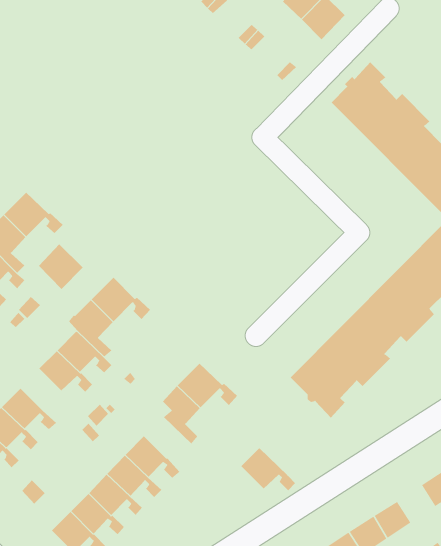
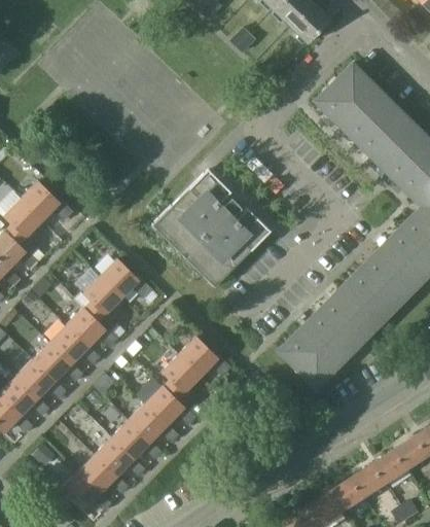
building: none -> [156,168,271,282]
building: [38,244,84,290] -> none
building: none -> [34,342,83,380]
building: [240,447,296,491] -> [146,385,196,425]
building: none -> [377,448,410,482]

